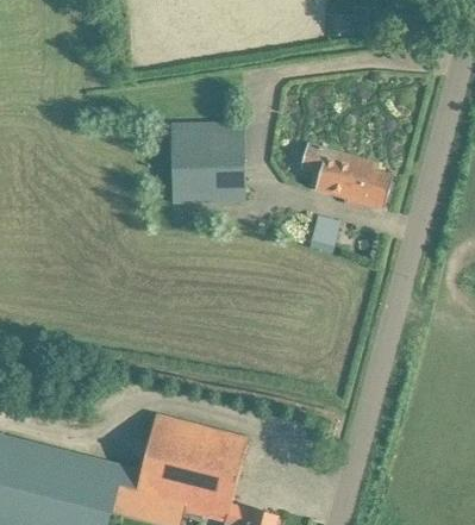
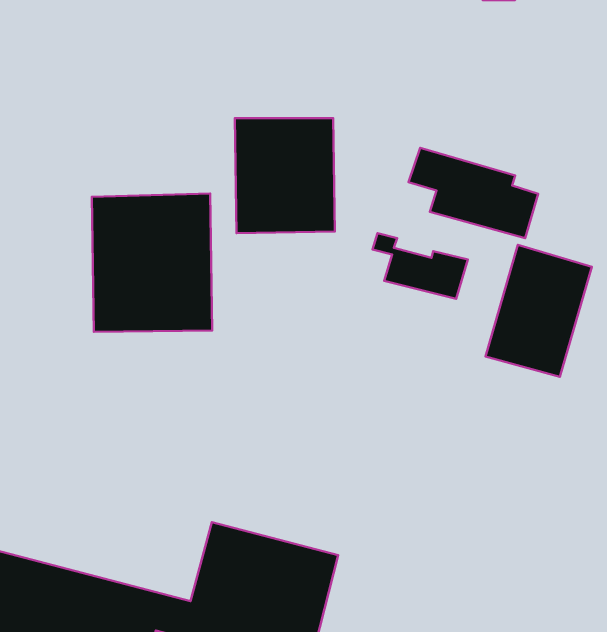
building: none -> [92,194,212,332]
building: none -> [485,245,592,377]

